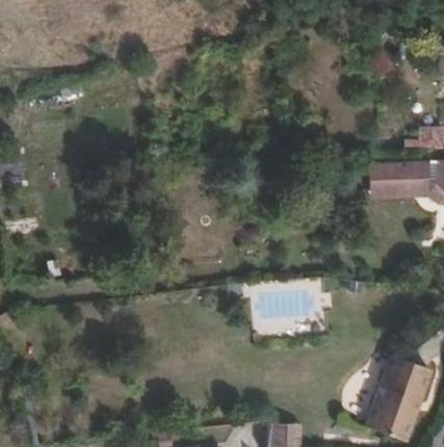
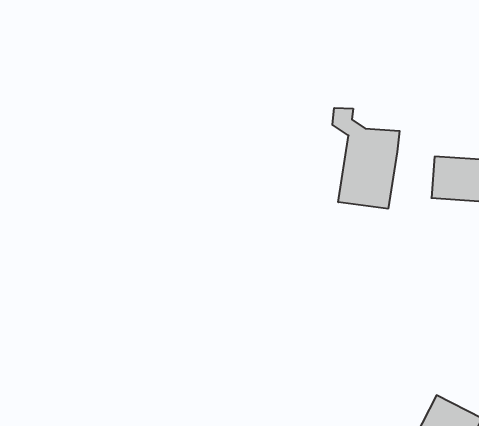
building: none -> [332,108,400,209]

